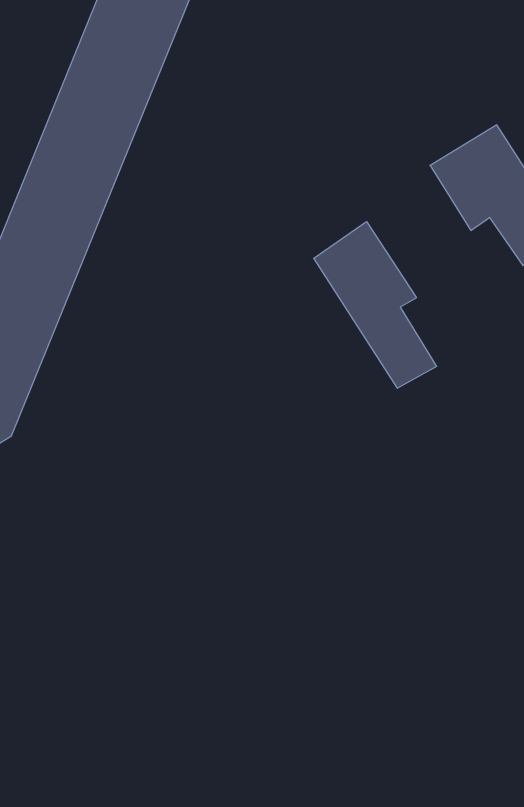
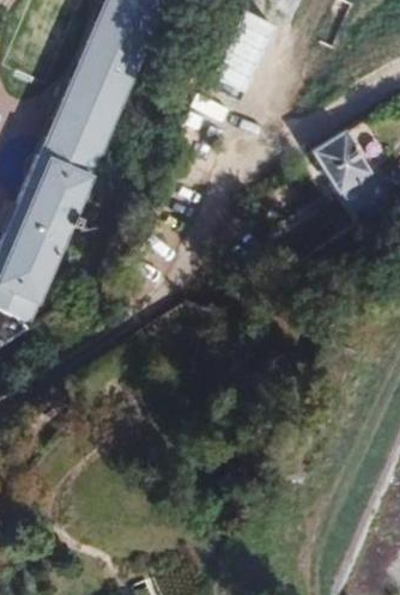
building: [314,222,437,388] -> none

